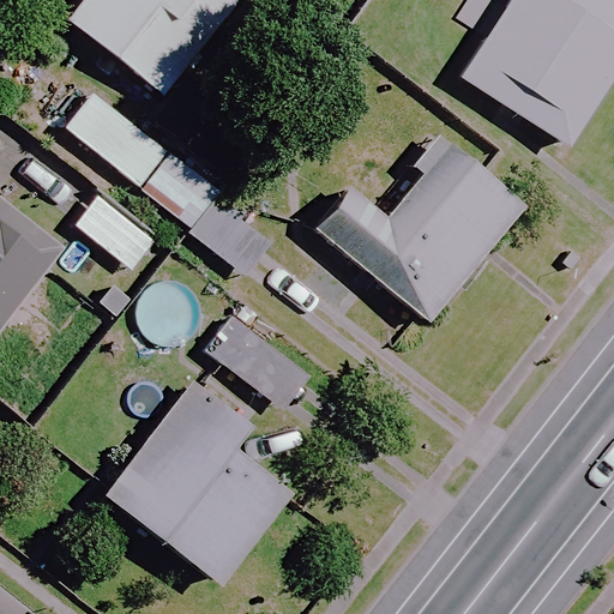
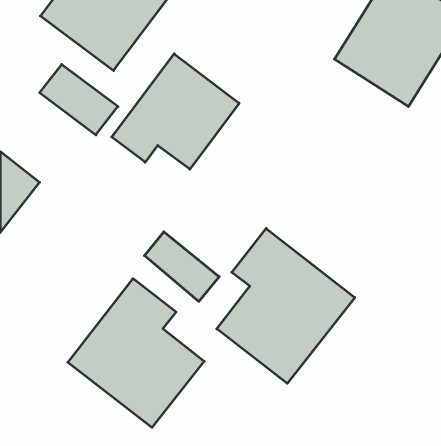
building: none -> [112,54,239,169]
building: [318,146,522,319] -> none
building: none -> [217,228,355,383]

